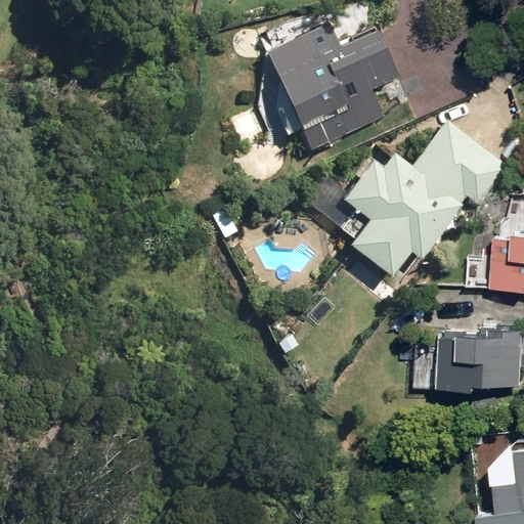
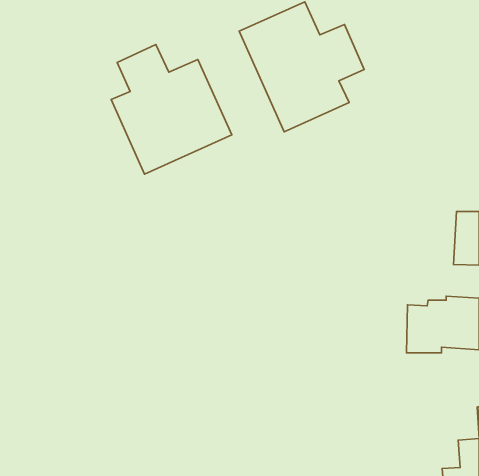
building: none -> [111,44,232,174]
building: [344,122,501,276] -> none

